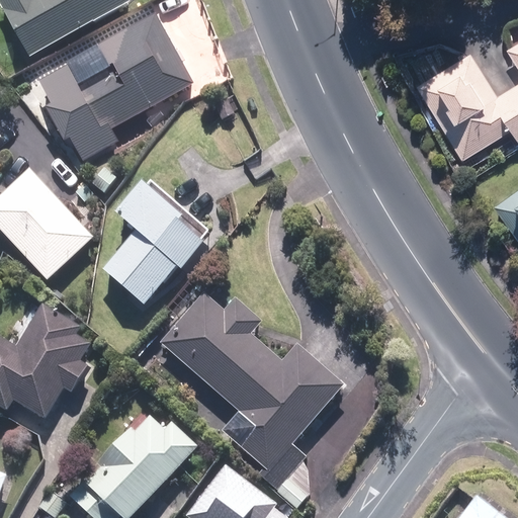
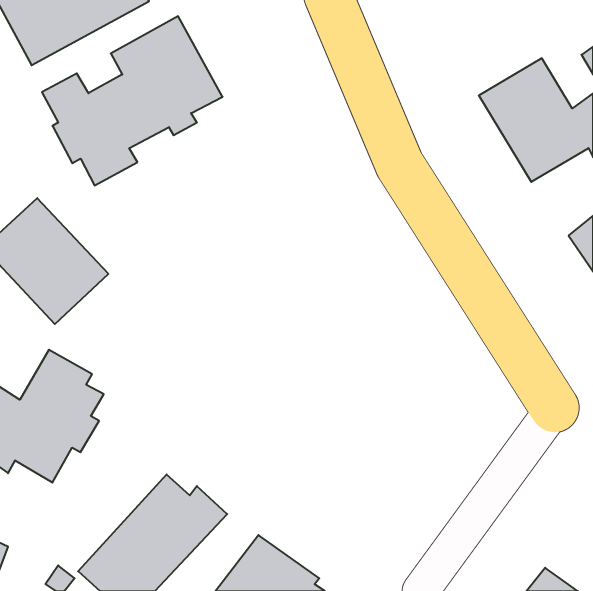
building: [108,185,201,303] -> none
building: [158,292,342,491] -> none

